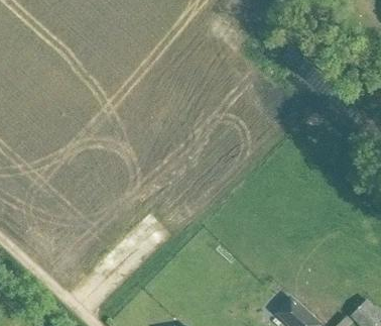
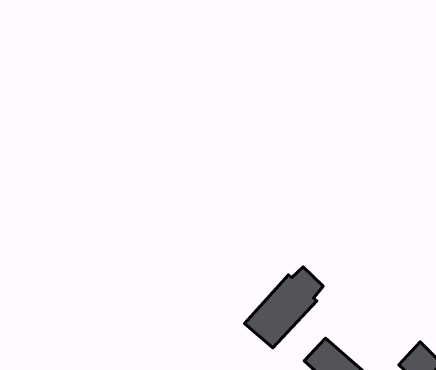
building: none -> [245,267,323,348]

